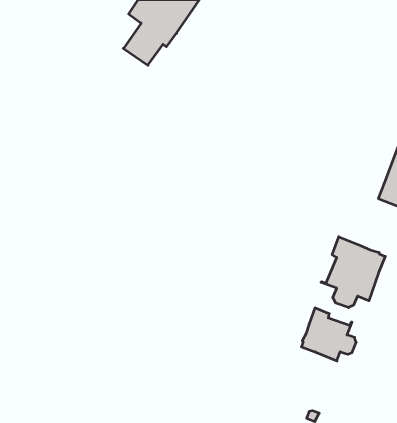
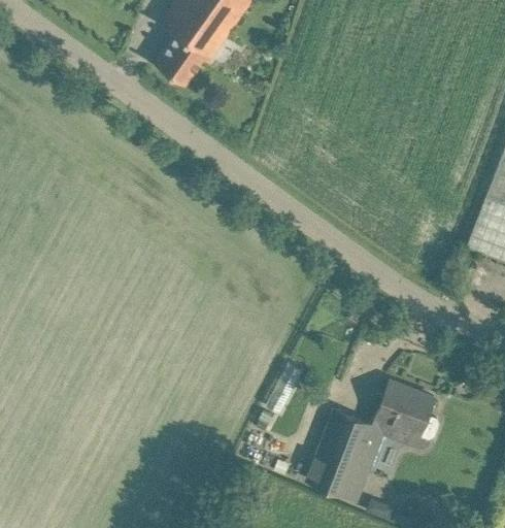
building: [321,237,385,308] -> none
building: none -> [310,407,391,500]

